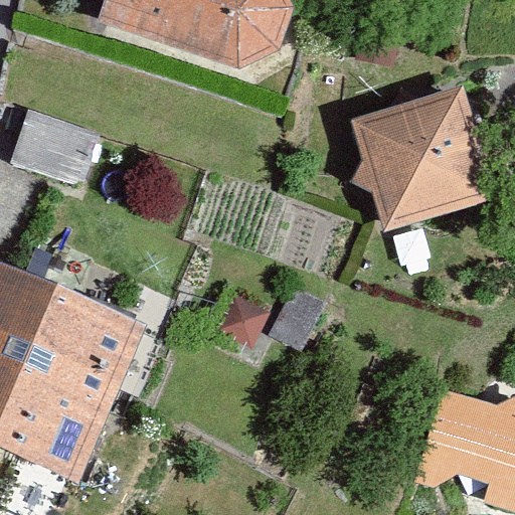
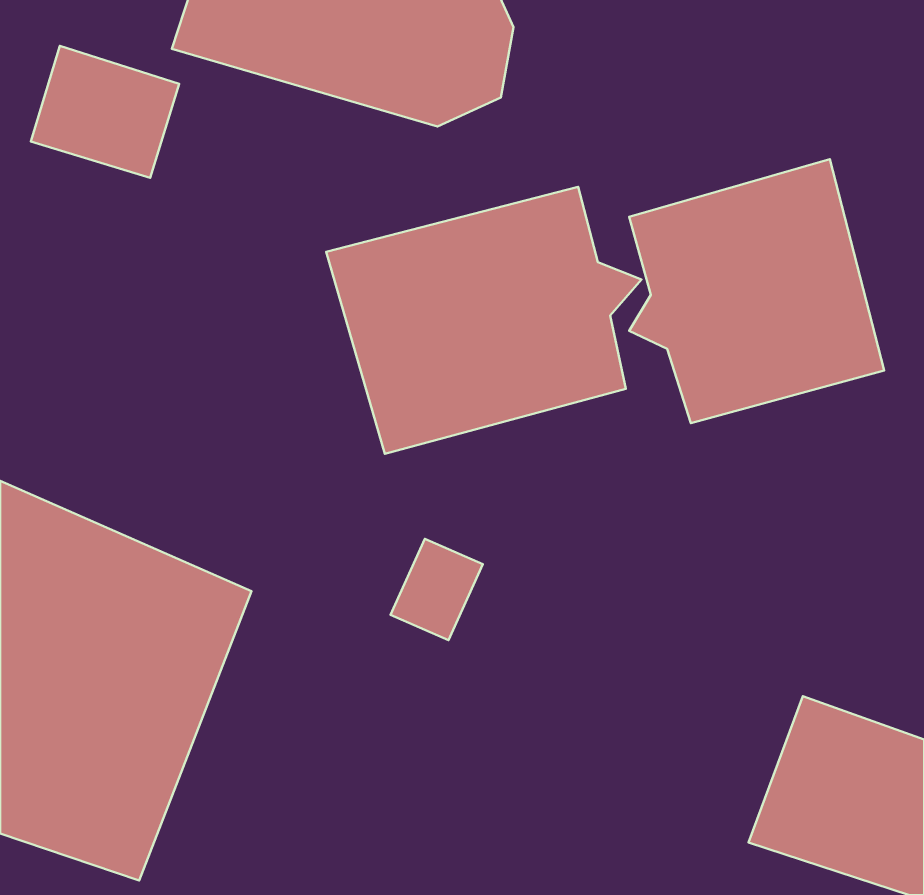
building: none -> [326,187,642,454]
building: [12,107,95,180] -> [31,46,179,178]

